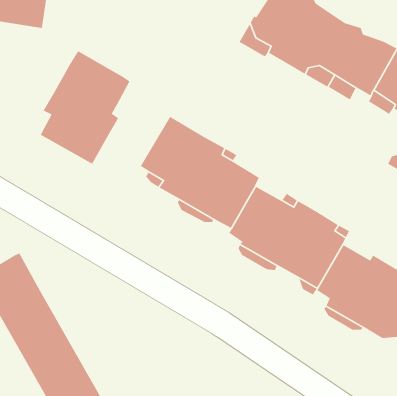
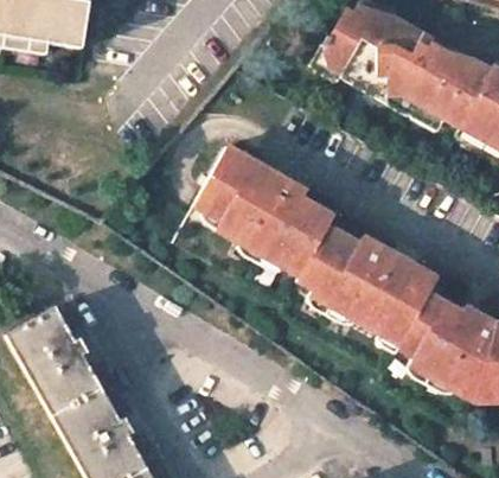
building: [40,50,131,165] -> none

